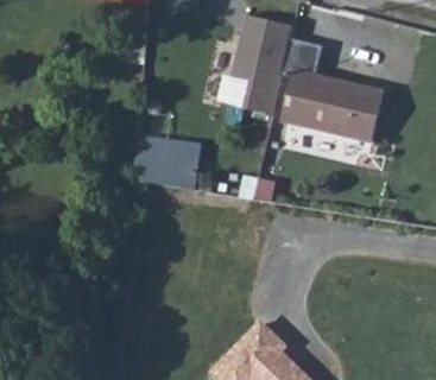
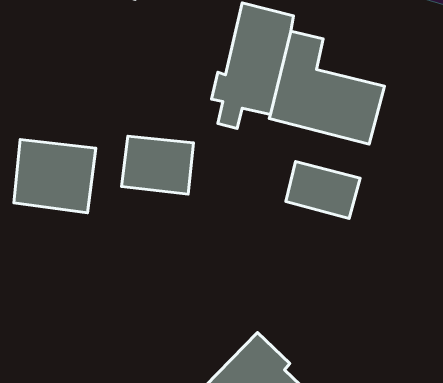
building: none -> [14,140,96,213]
building: none -> [286,162,360,219]

